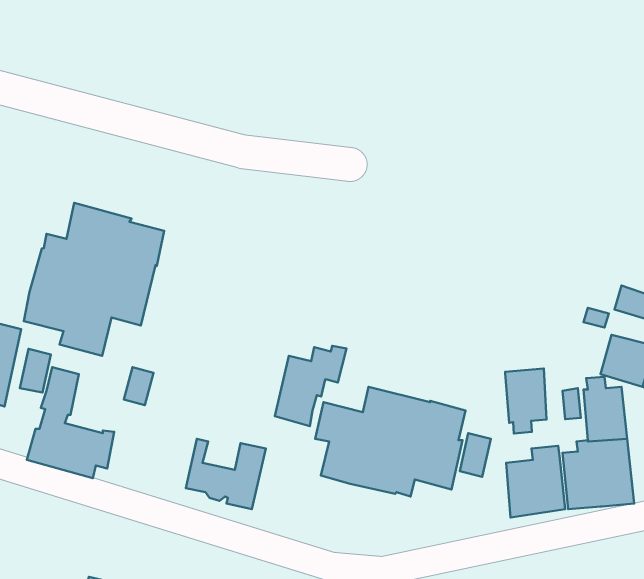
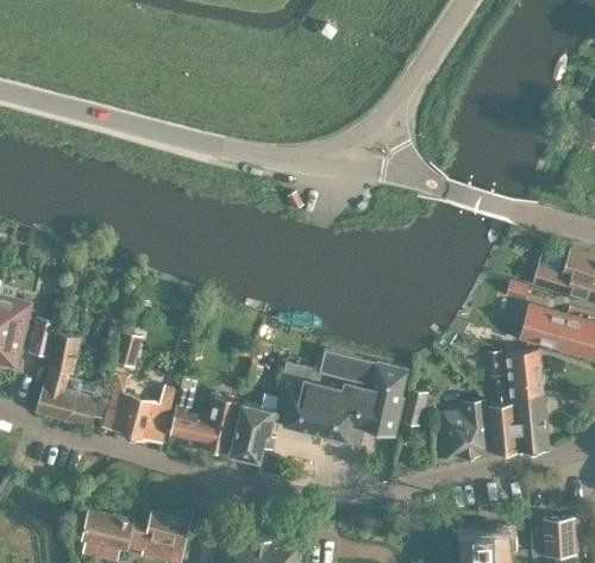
building: [24,203,164,356] -> none
building: [275,346,346,426] -> [230,394,290,462]
building: [505,368,547,433] -> none
building: none -> [101,375,175,444]

